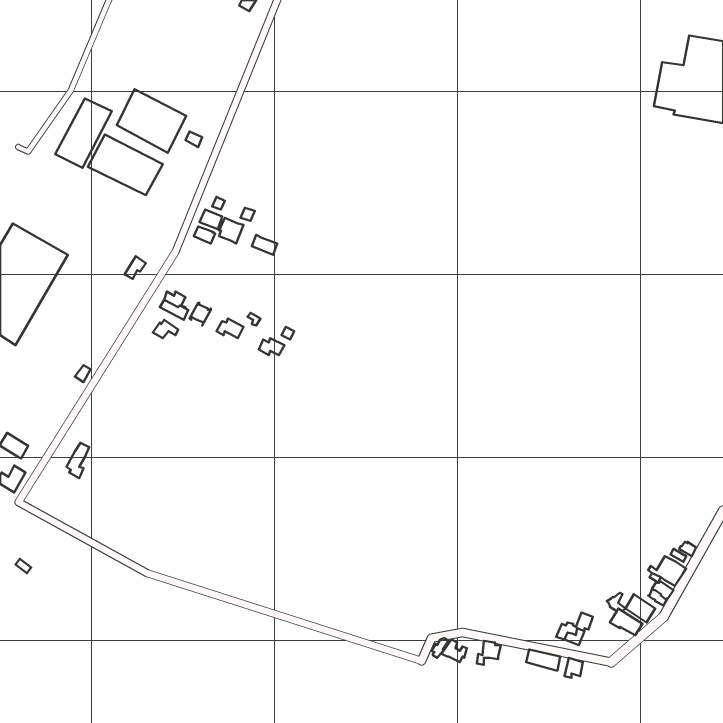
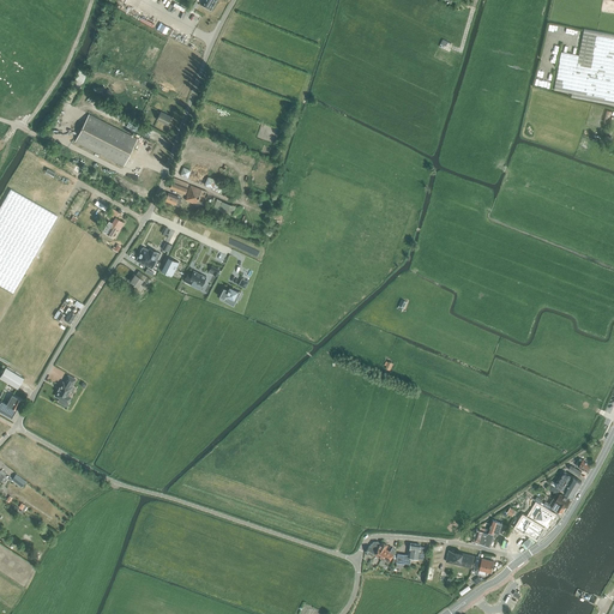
building: [117,89,186,153] -> none
building: [55,98,112,168] -> none

